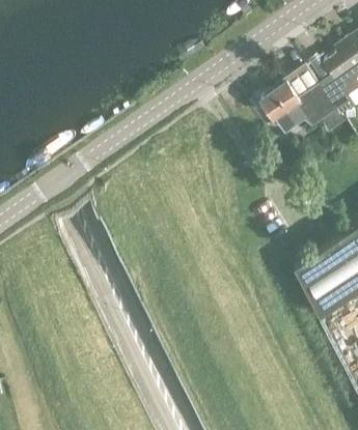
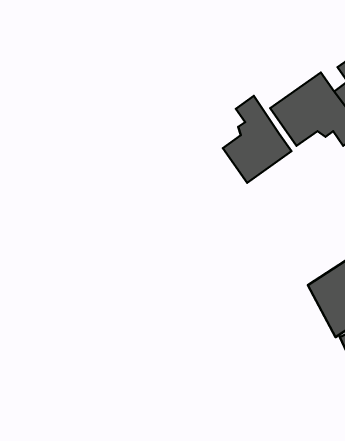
building: none -> [223,96,291,183]

